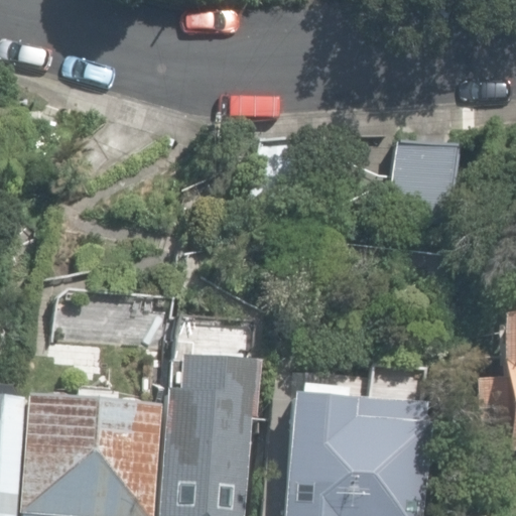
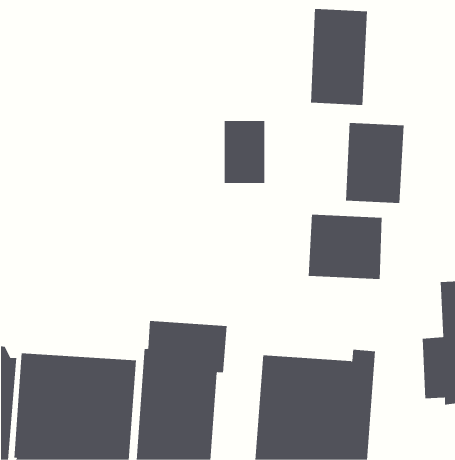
building: none -> [311,8,368,106]
building: none -> [308,214,382,280]

